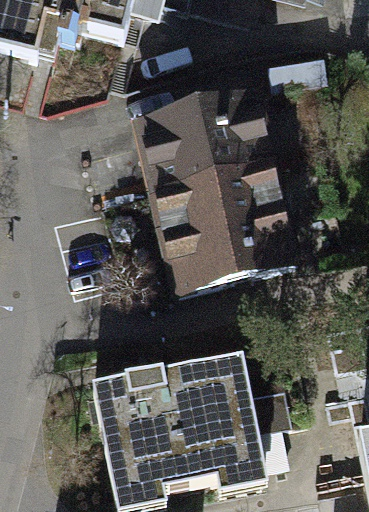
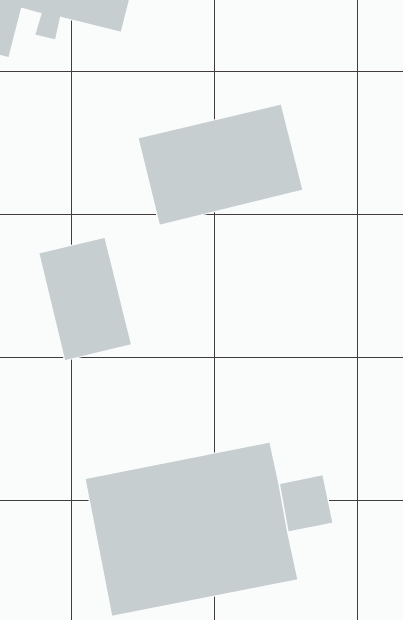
building: [154,157,293,288] -> none
building: none -> [39,237,132,361]

